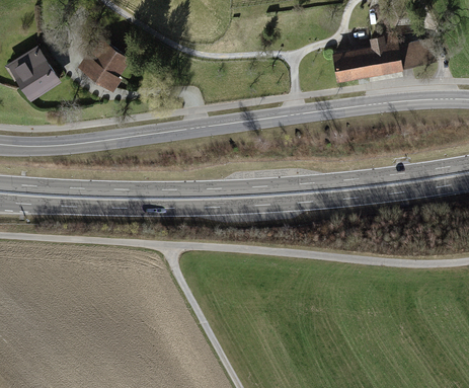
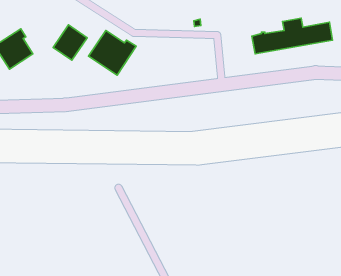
building: none -> [89,30,136,75]

